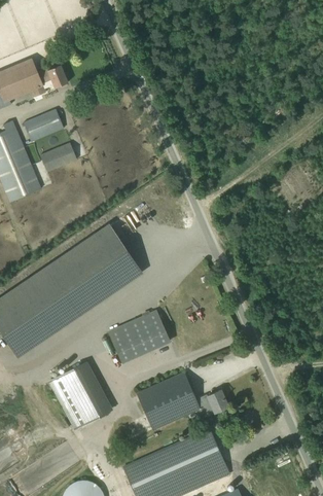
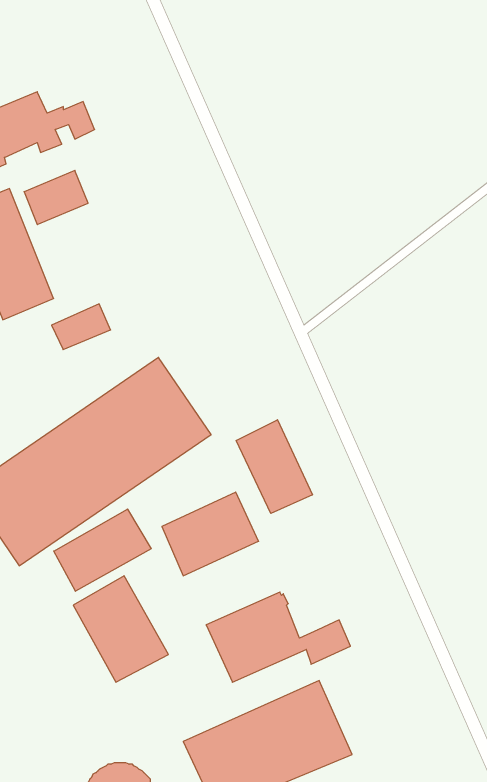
building: [40,142,77,171] -> [52,304,111,350]
building: none -> [236,420,312,513]
building: none -> [54,509,151,591]

